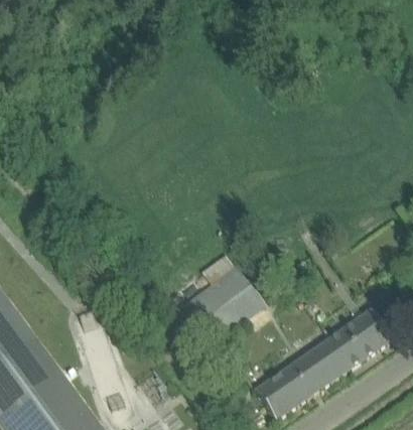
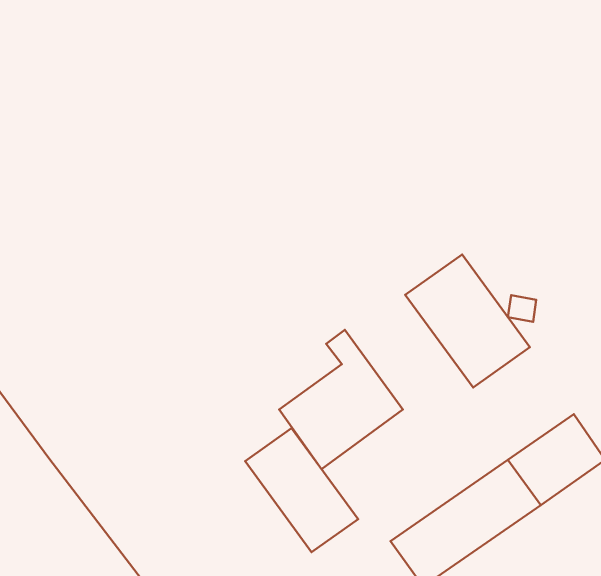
building: none -> [405,254,530,388]
building: none -> [245,428,358,552]

